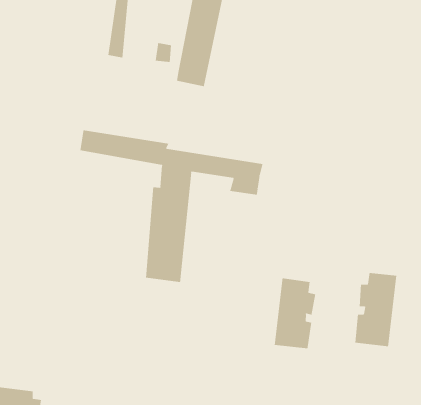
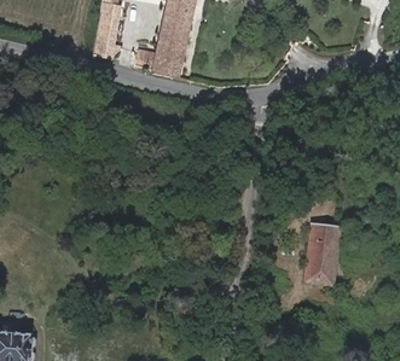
building: [80,130,263,283] -> none
building: [274,278,316,349] -> none

